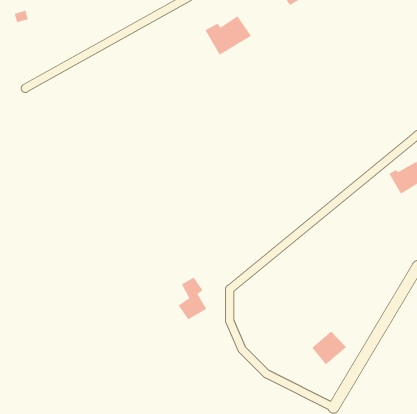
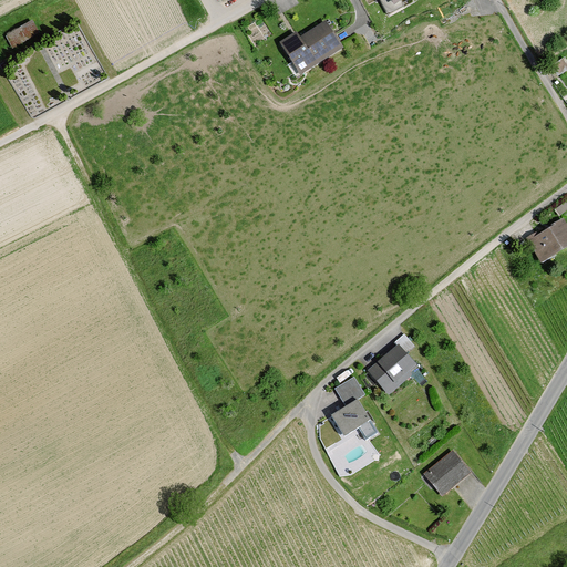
building: none -> [368,342,421,393]
building: [178,277,207,320] -> [331,375,371,434]

